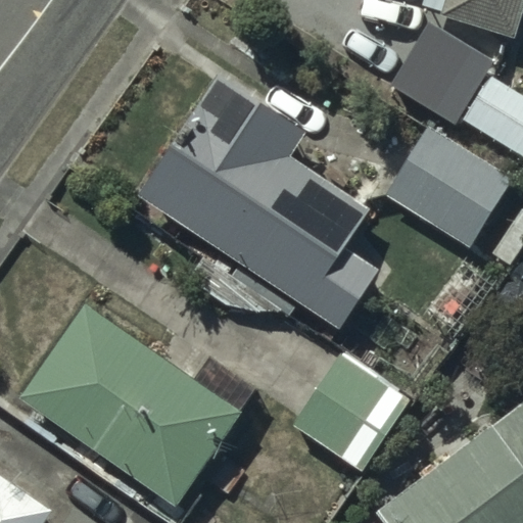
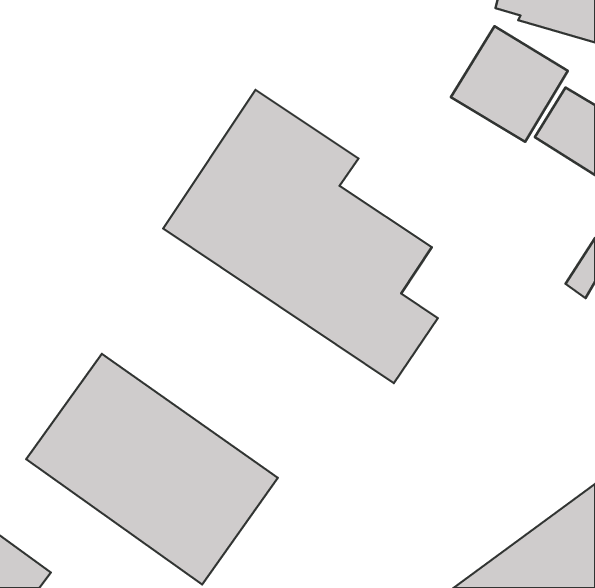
building: [384,128,509,246] -> none
building: [289,353,405,468] -> none

